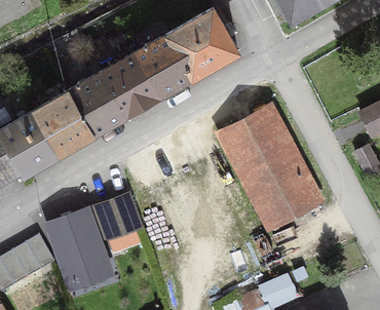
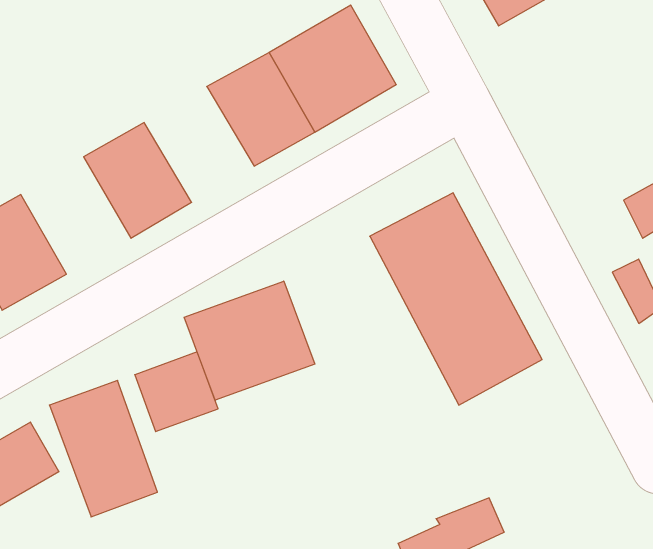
building: [101,52,160,115] -> none
building: [34,90,93,154] -> none
building: none -> [184,281,315,400]

